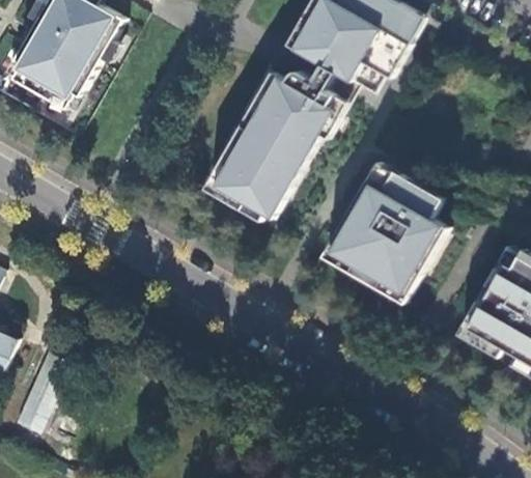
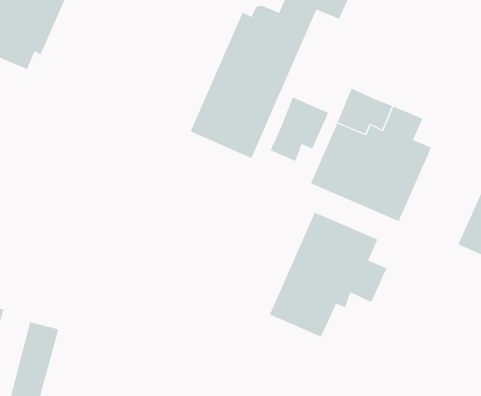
building: none -> [270,97,329,162]
building: none -> [269,212,387,337]

